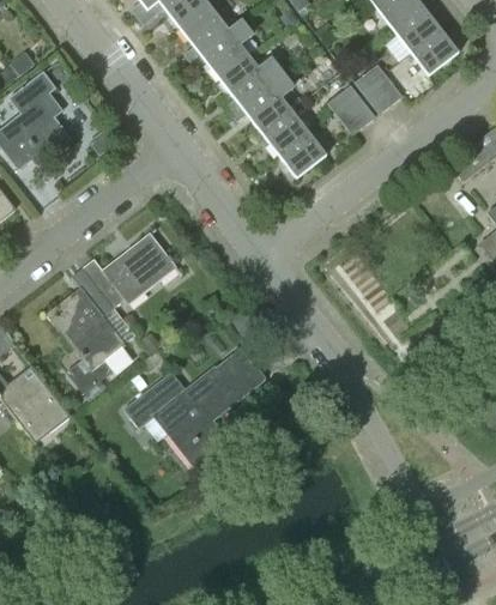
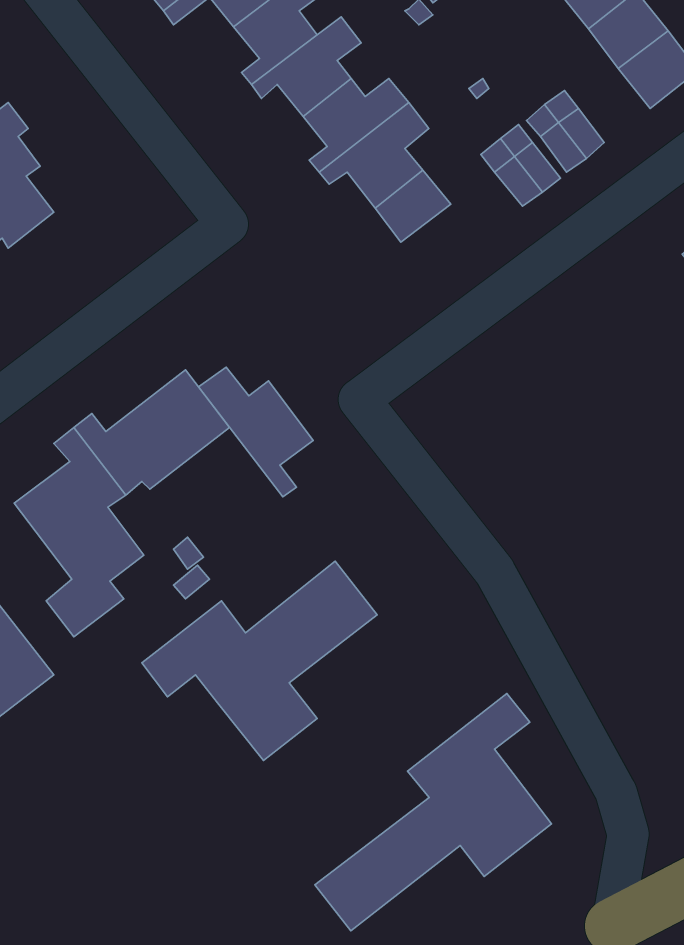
building: [279,132,326,177] -> none
building: none -> [199,367,313,497]
building: none -> [315,693,551,931]

